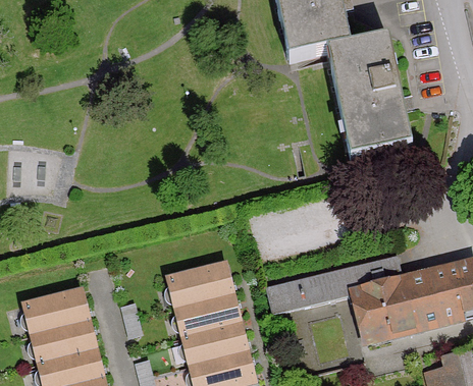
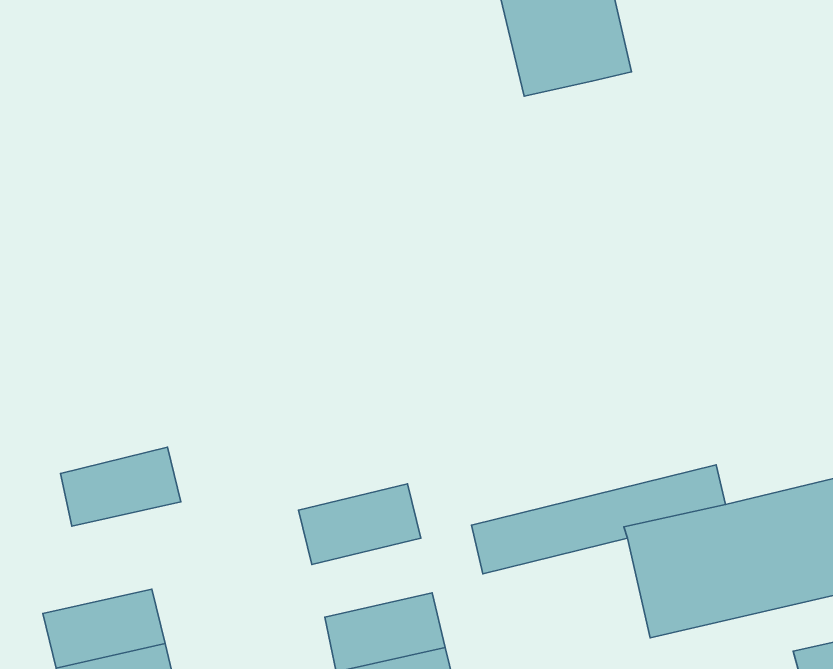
building: [327,32,412,157] -> none
building: [23,290,89,333] -> [60,447,181,526]
building: [175,292,241,335] -> none

